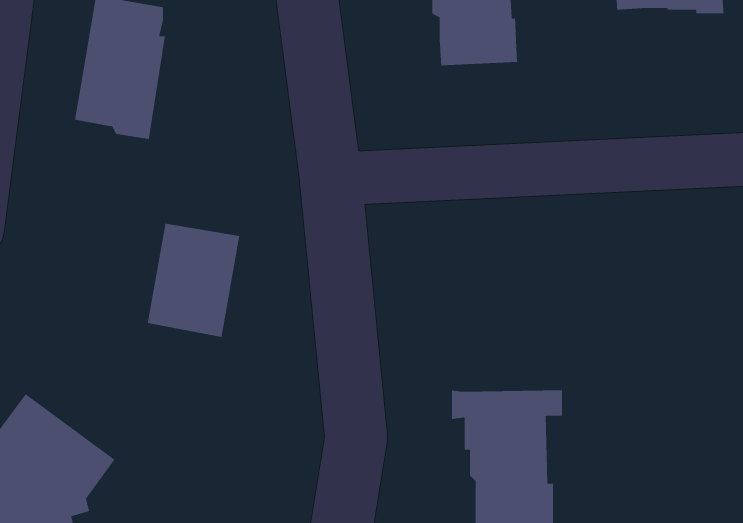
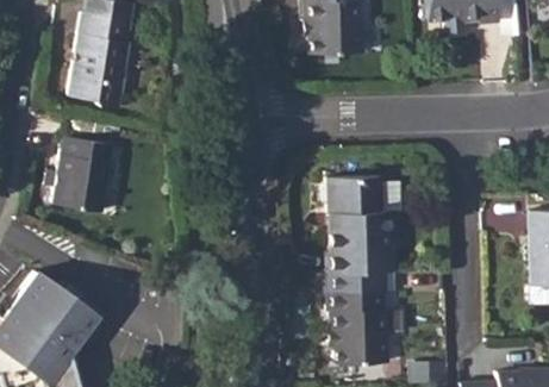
building: [147,223,240,338] -> [51,135,113,211]
building: none -> [327,175,395,270]

